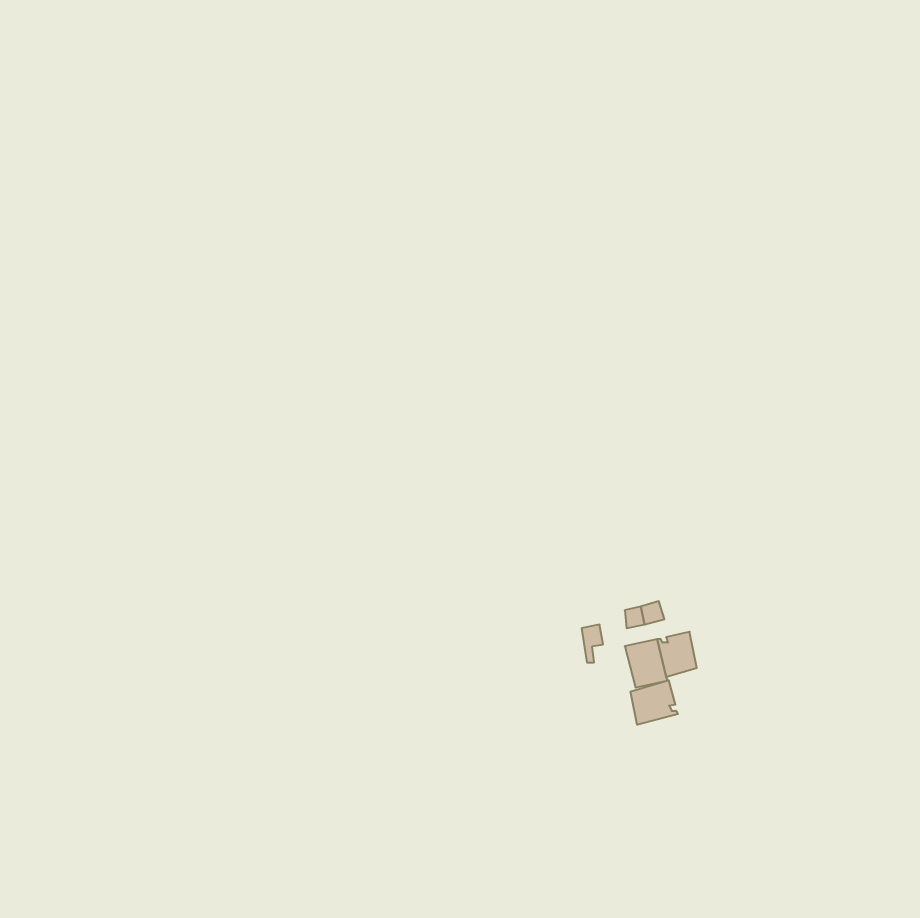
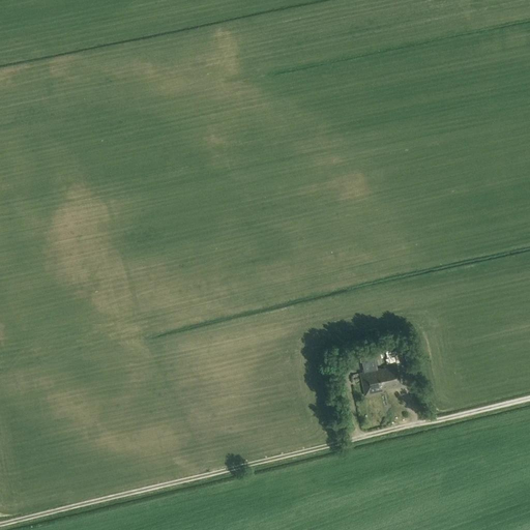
building: [630,680,678,725] -> none

